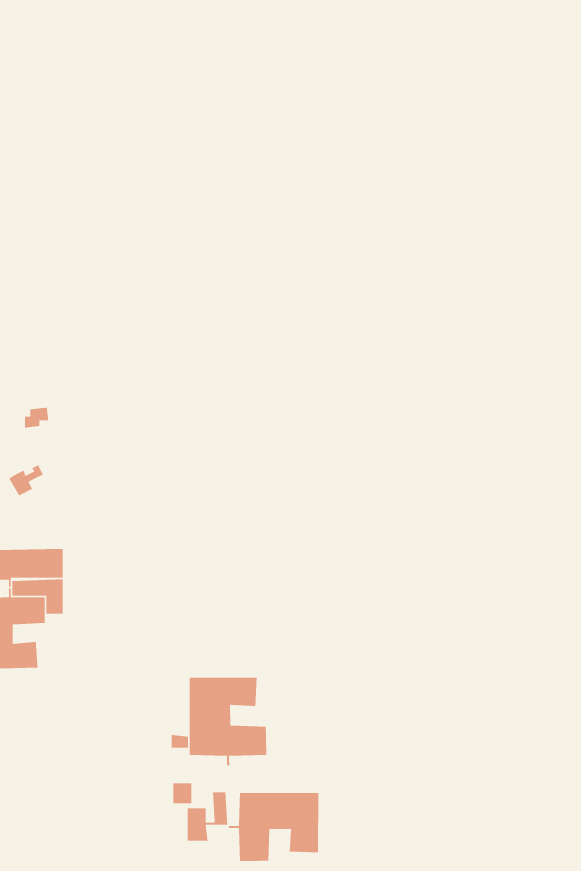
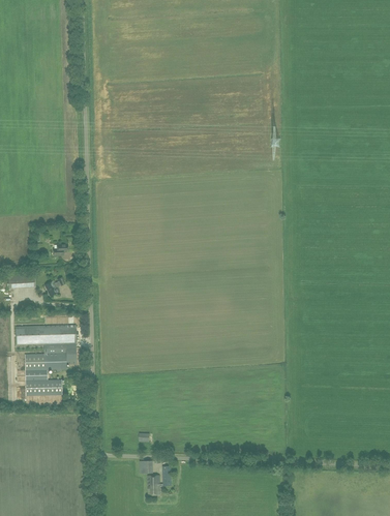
building: [189,677,267,766] -> none
building: [228,792,319,862] -> none

